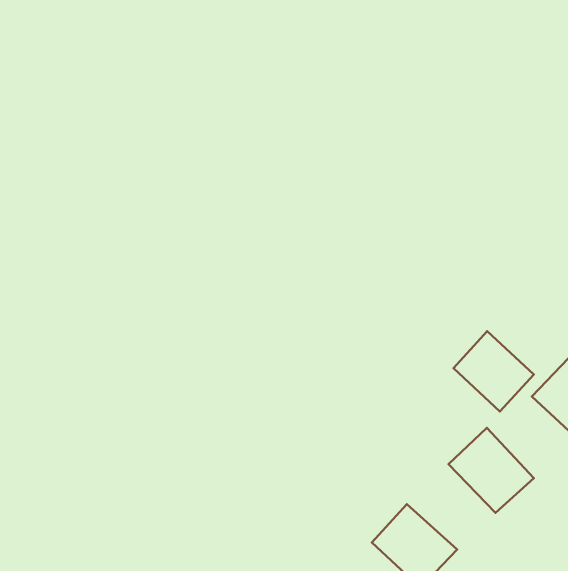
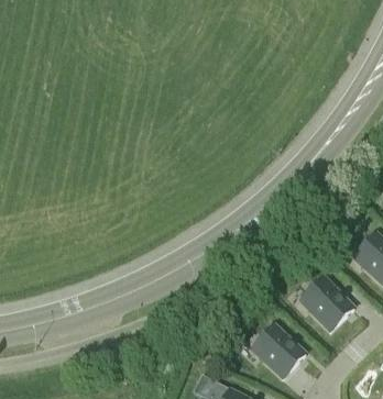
building: [453,331,534,412] -> none

